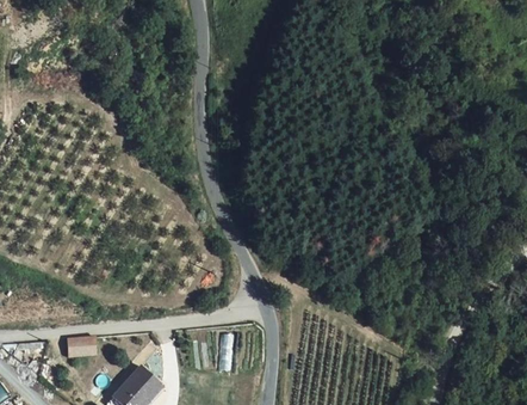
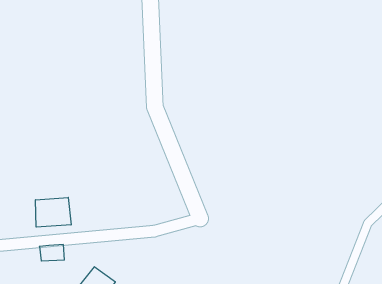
building: none -> [36,197,71,227]

